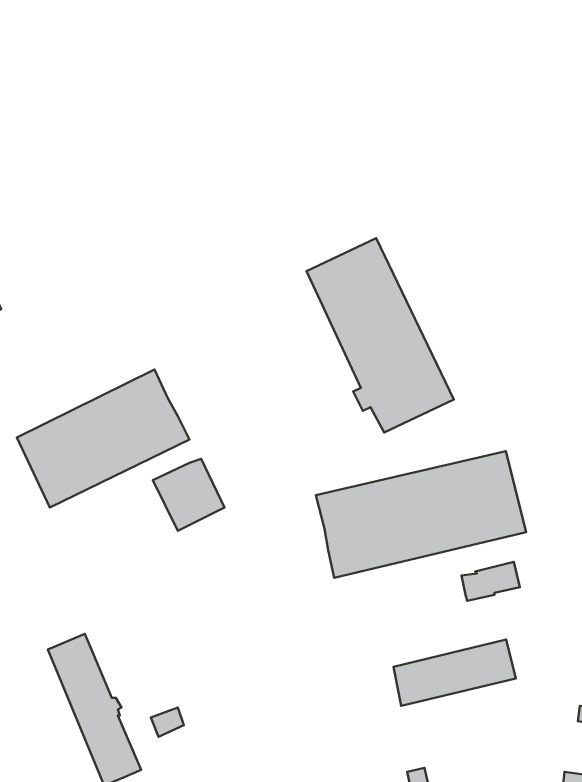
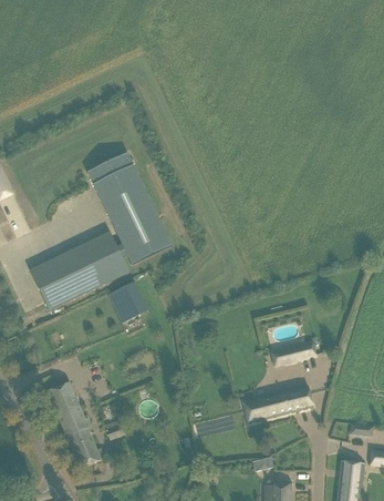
building: [306,238,454,432] -> [87,153,172,264]
building: [316,451,526,578] -> none

